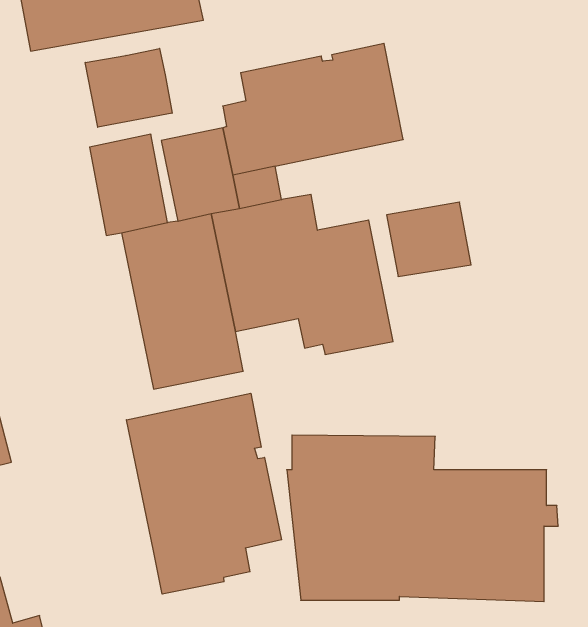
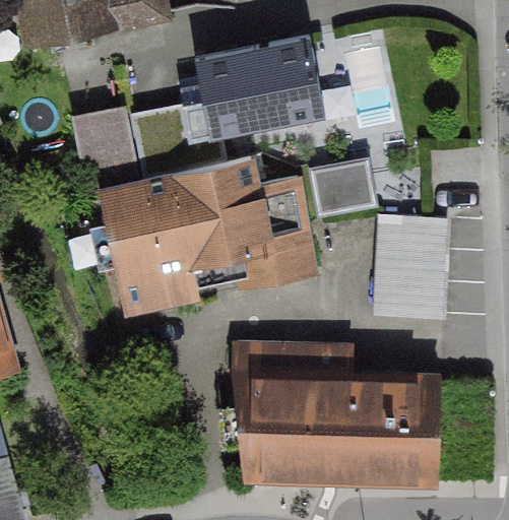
building: [85,48,172,127] -> none
building: none -> [378,216,447,316]
building: [126,393,282,594] -> none

